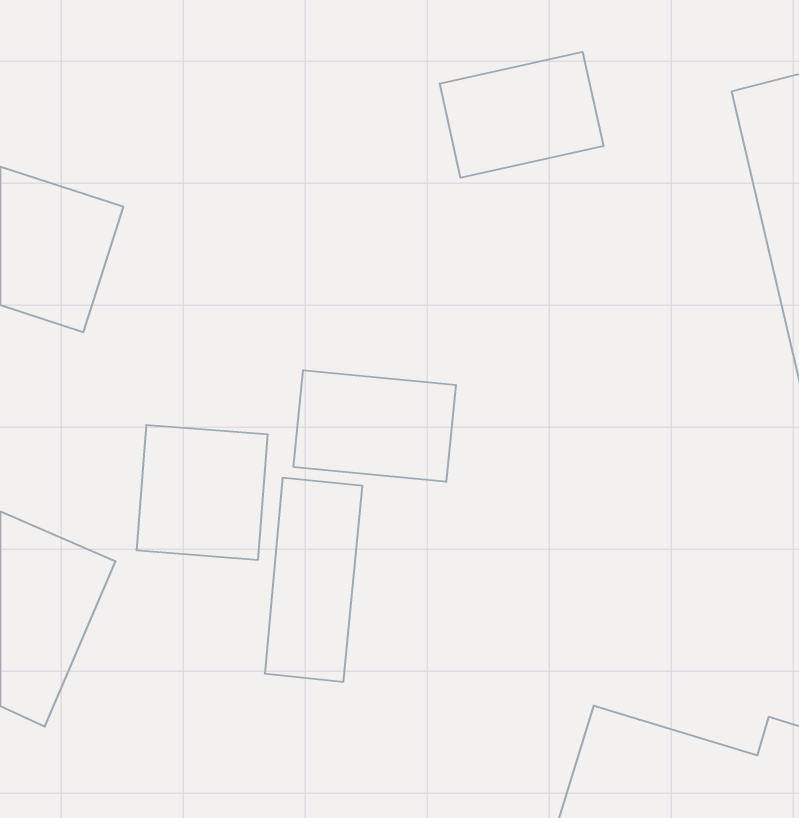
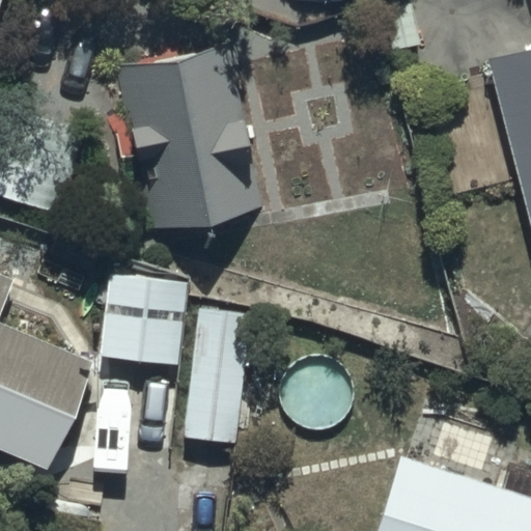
building: [440,52,603,178] -> none
building: none -> [121,41,276,233]
building: [294,370,456,482] -> none

